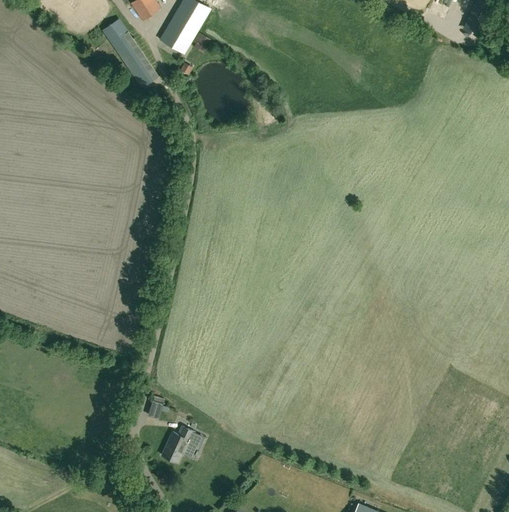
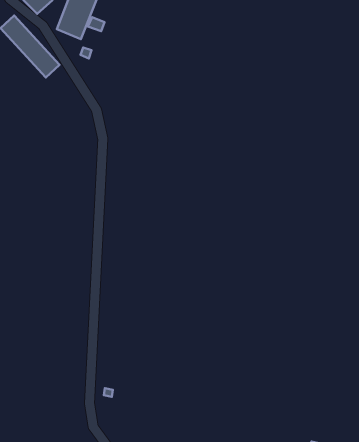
building: [161,425,194,461] -> none

